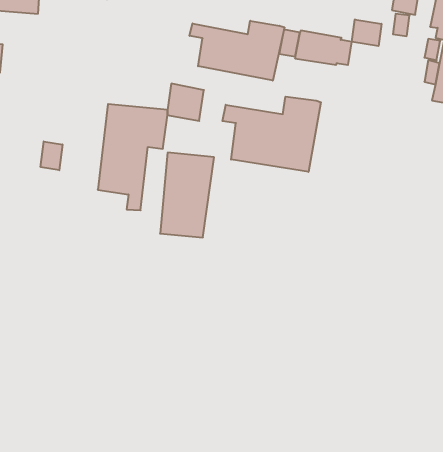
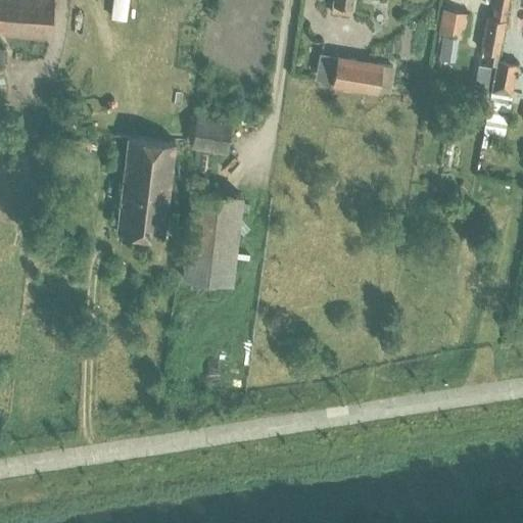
building: [352,19,381,46] -> none
building: [190,21,284,81] -> none
building: [222,97,321,172] -> none
building: [41,141,62,170] -> none

